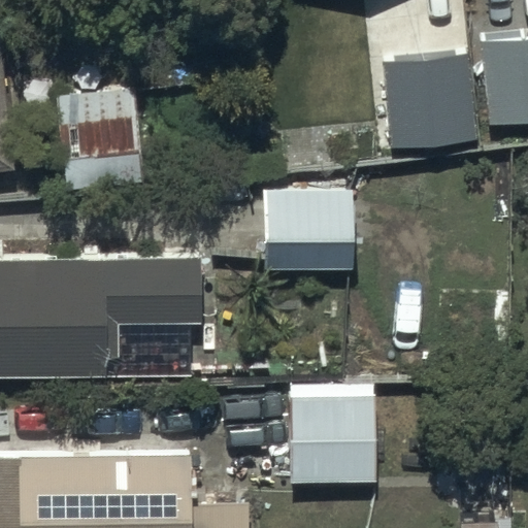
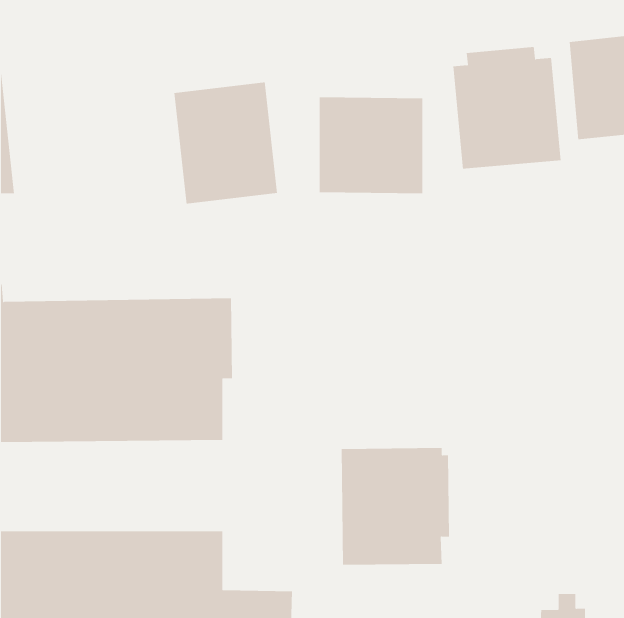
building: [55,88,142,191] -> [174,82,278,204]
building: [263,189,351,270] -> [319,97,423,194]

